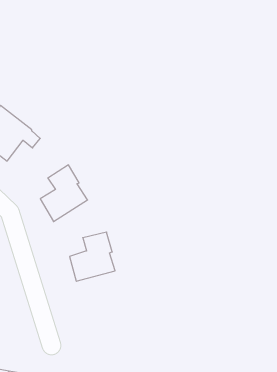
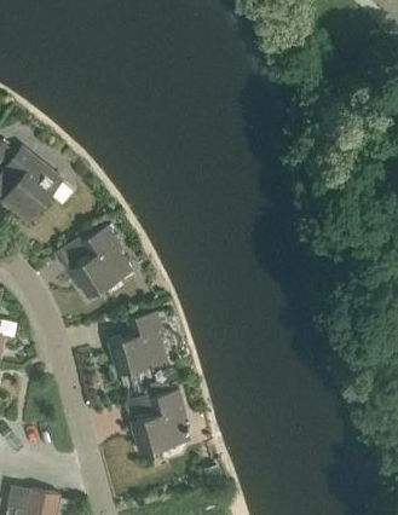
building: none -> [126,390,189,455]

